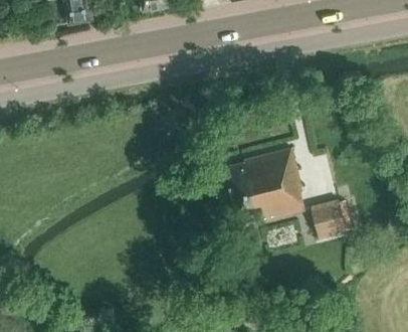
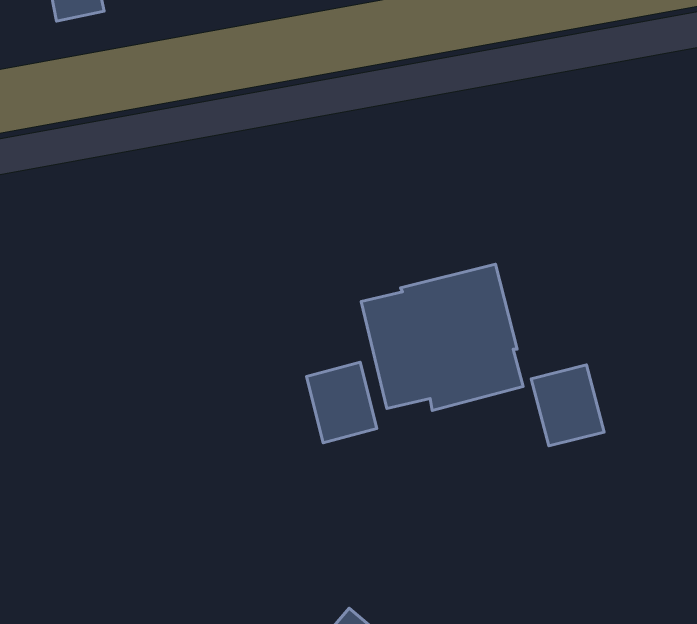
building: none -> [306,362,377,443]

